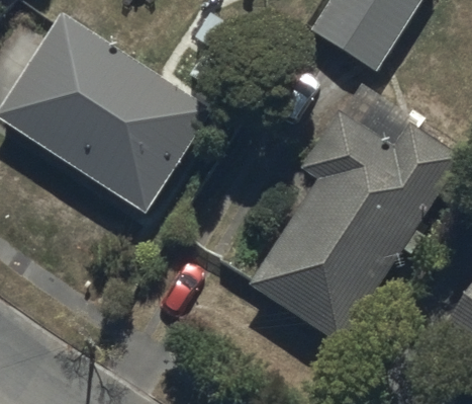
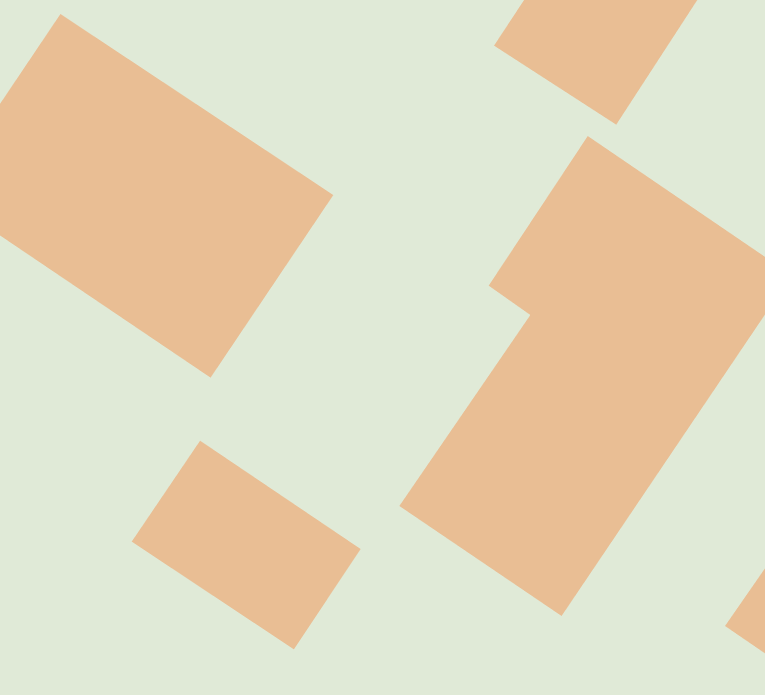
building: none -> [131,440,362,651]

